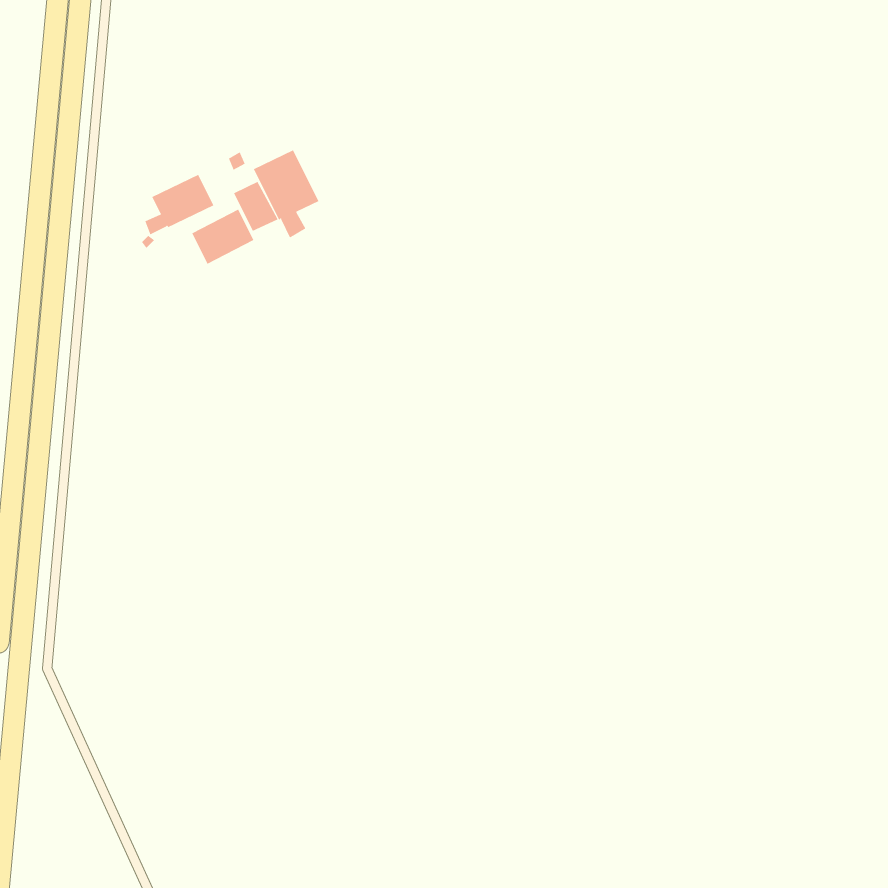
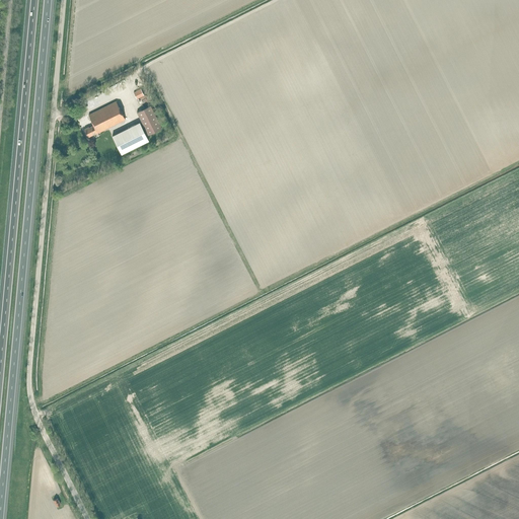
building: [253,150,319,239] -> none

